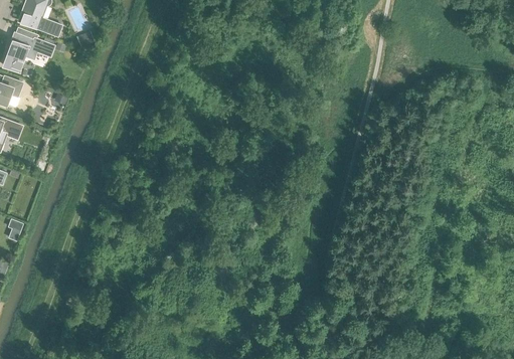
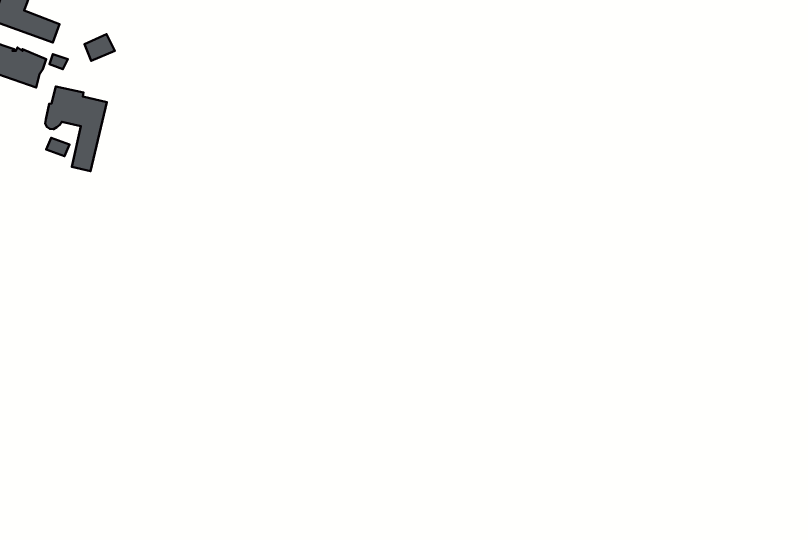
building: none -> [45,86,107,171]

